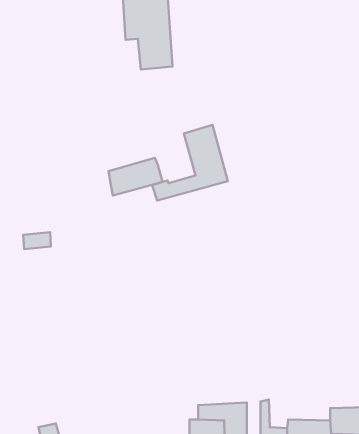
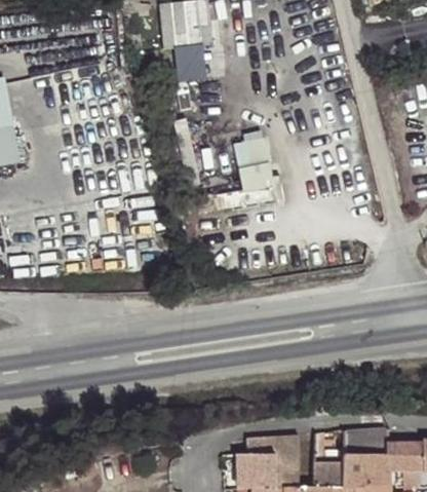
building: [109,158,163,195] -> none
building: none -> [343,426,389,455]

